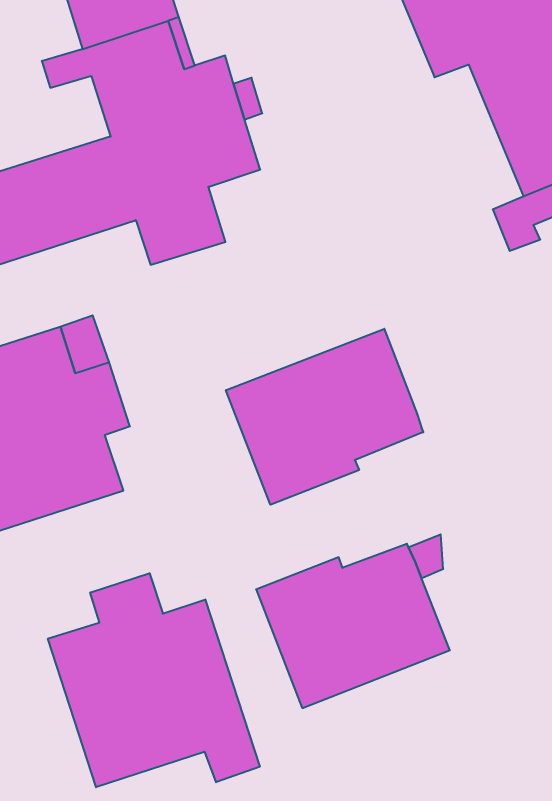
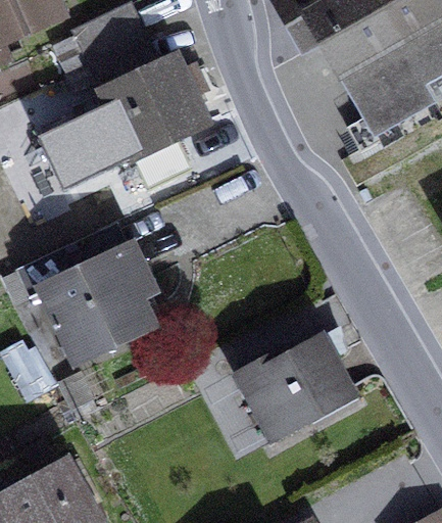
building: [226,329,423,505] -> none
building: [48,573,260,787] -> none

